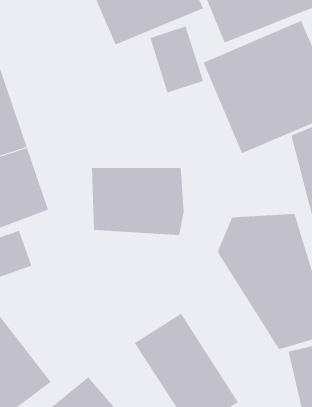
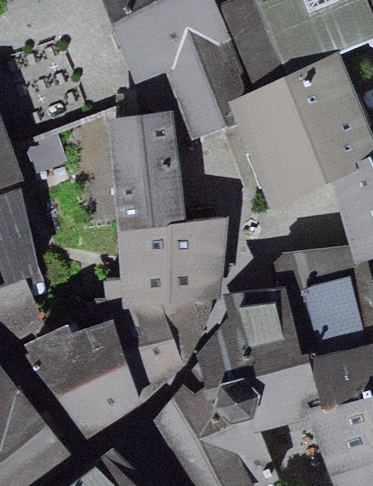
building: none -> [107,113,182,218]
building: none -> [108,286,206,382]
building: none -> [220,310,313,432]
building: none -> [36,316,145,432]

